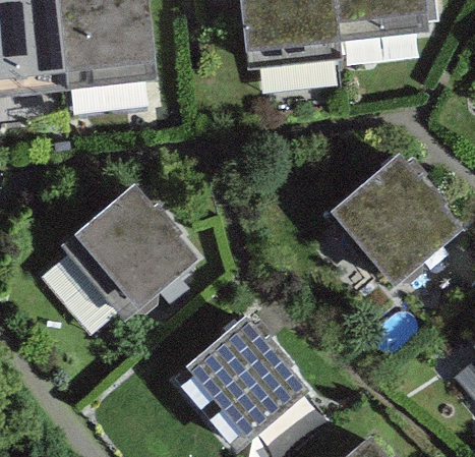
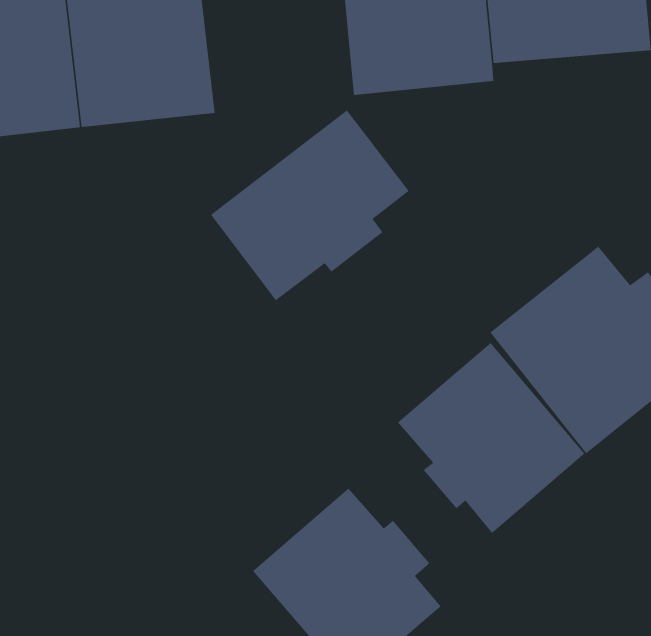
building: none -> [210,110,410,301]
building: [64,192,198,323] -> none
building: none -> [397,342,585,534]

